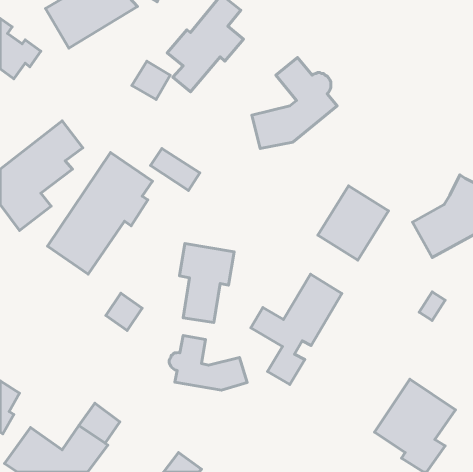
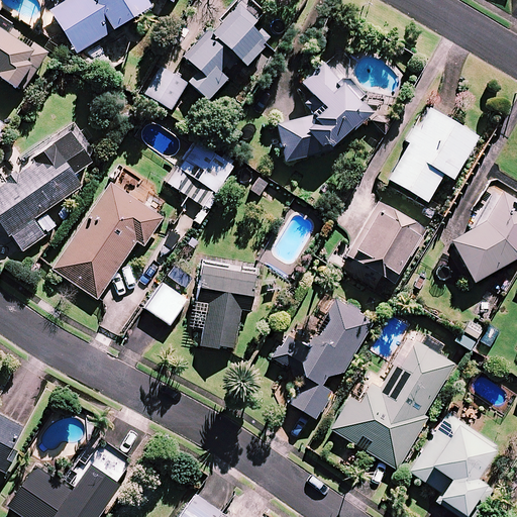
building: none -> [388,107,477,202]
building: [106,293,142,330] -> [147,283,187,323]
building: none -> [331,335,454,469]
building: [169,336,247,390] -> none

